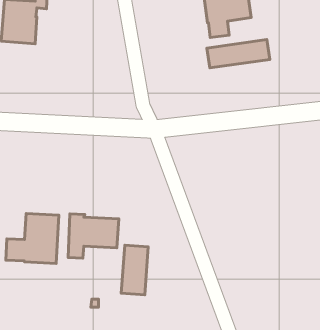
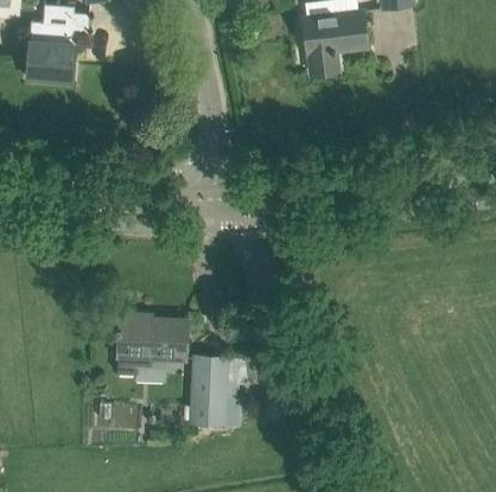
building: [207,40,270,68] -> none
building: [6,214,59,264] -> none

